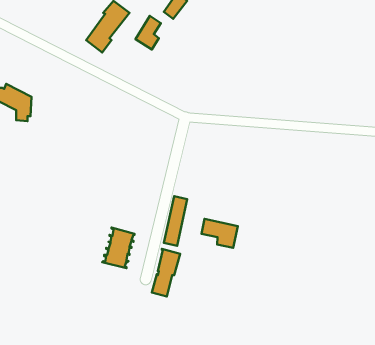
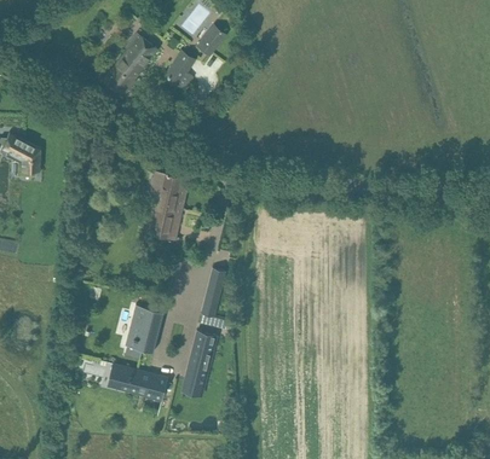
building: none -> [149,173,188,240]
building: [201,219,238,248] -> none
building: none -> [116,367,167,402]

